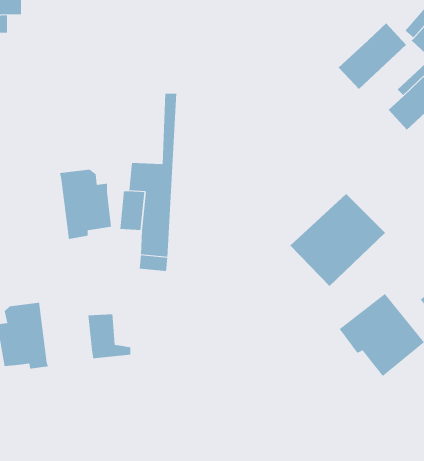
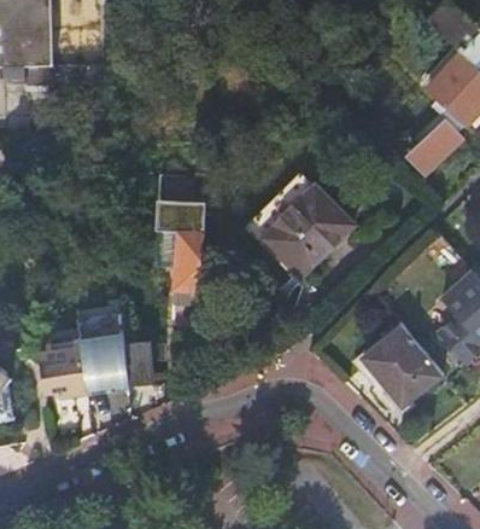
building: [338,23,407,90] -> none
building: [59,169,112,240] -> [78,326,128,393]
building: [290,193,386,287] -> [265,186,356,274]

